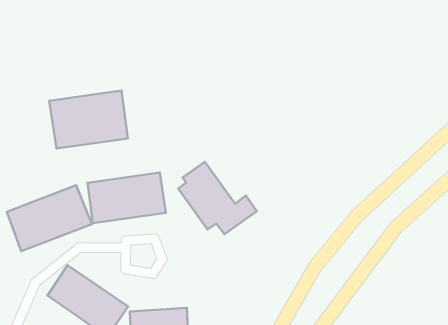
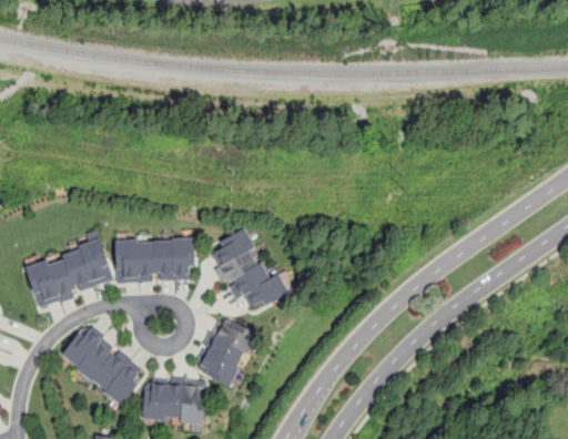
building: [49,91,128,149] -> none
building: none -> [193,314,258,387]

